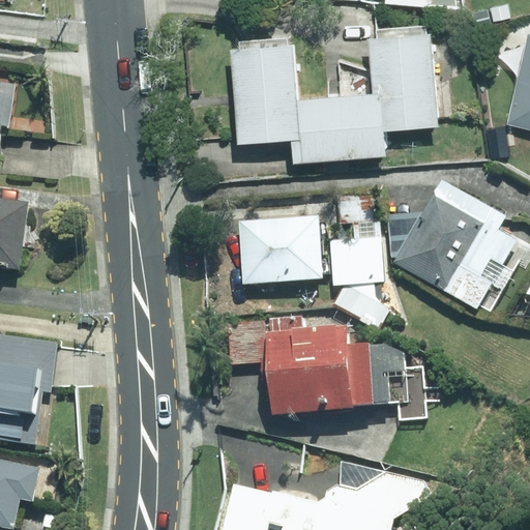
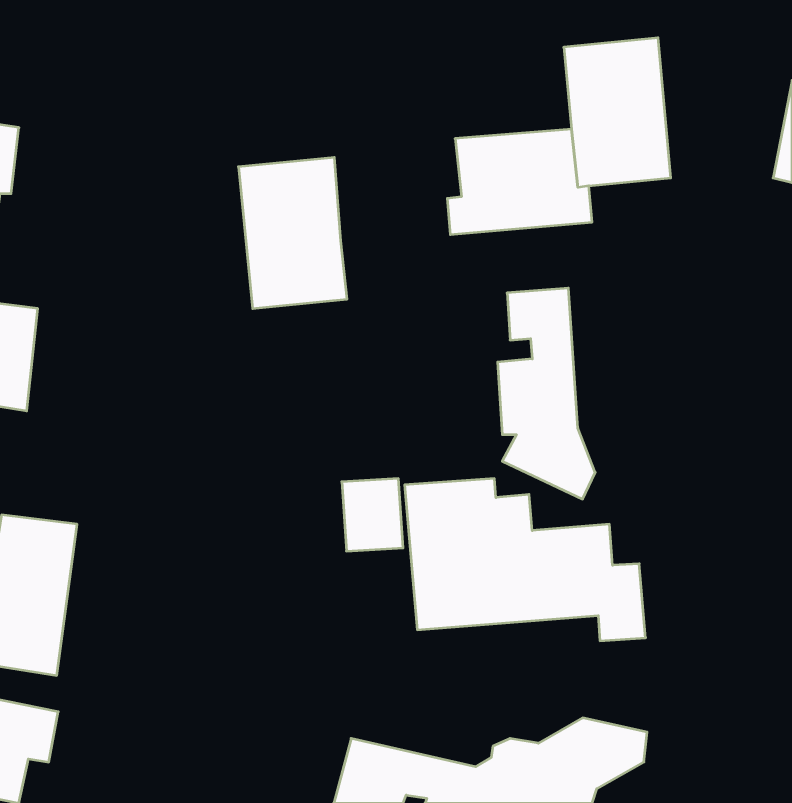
building: [232,36,303,136] -> [238,157,347,309]
building: [389,178,517,312] -> none
building: [237,216,321,285] -> none

